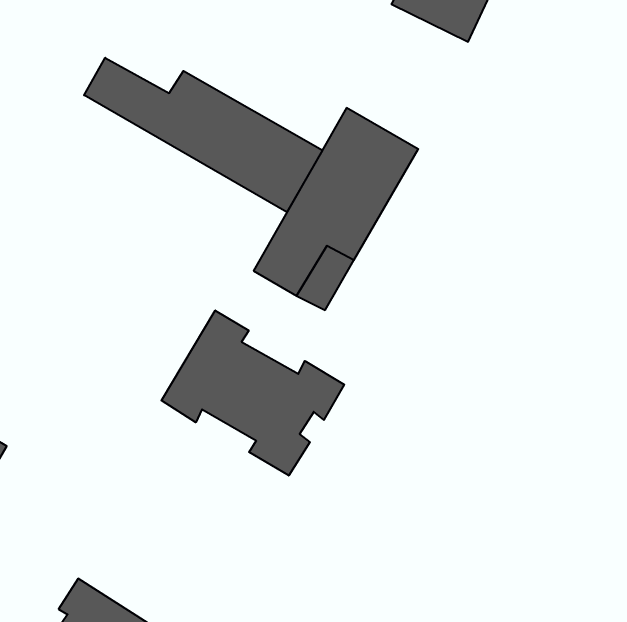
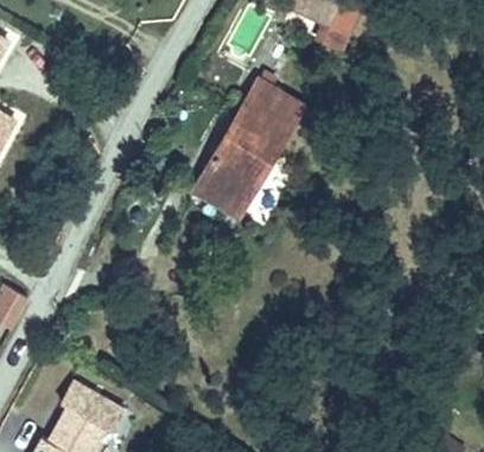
building: [84,58,322,212] -> none
building: [161,310,344,476] -> none

